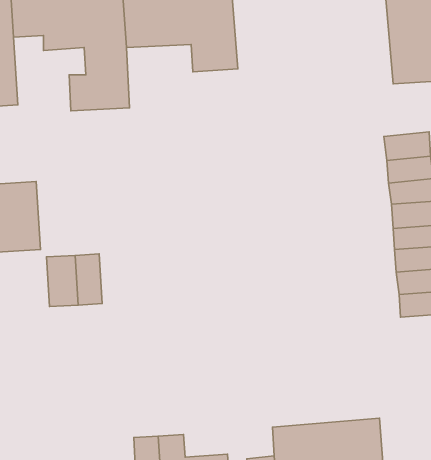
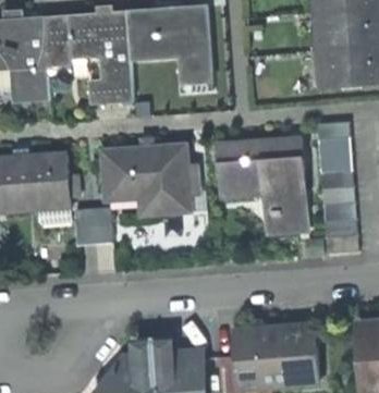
building: none -> [218,139,306,235]
building: none -> [103,148,188,212]

